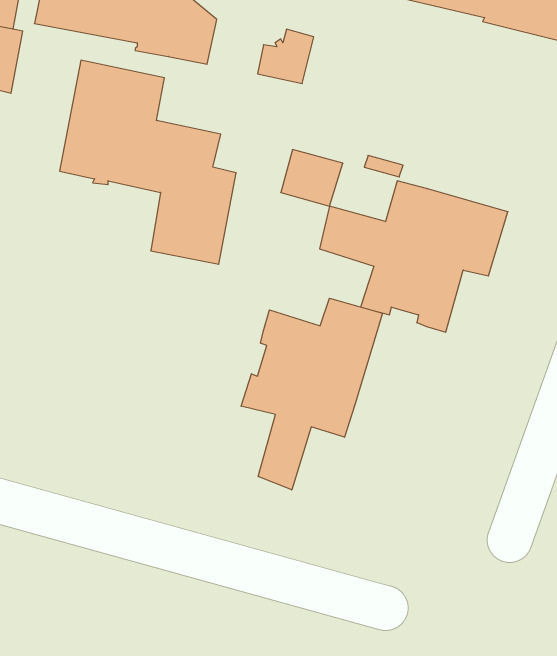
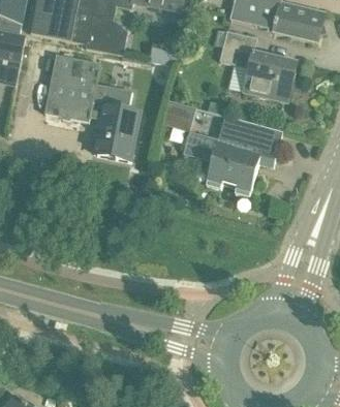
building: none -> [214,27,295,102]
building: [241,298,382,490] -> none

